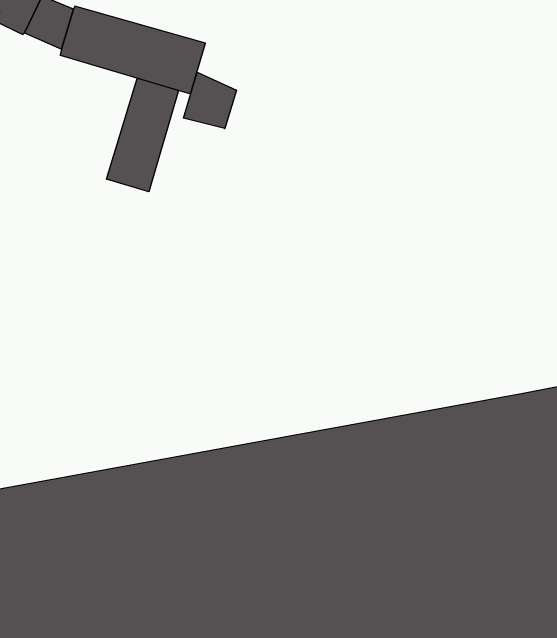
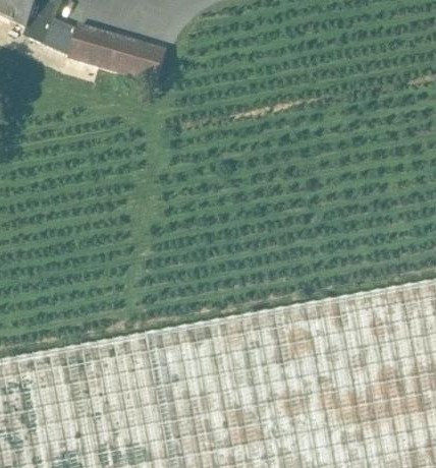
building: [183,72,236,129] -> none
building: [107,79,178,192] -> none

